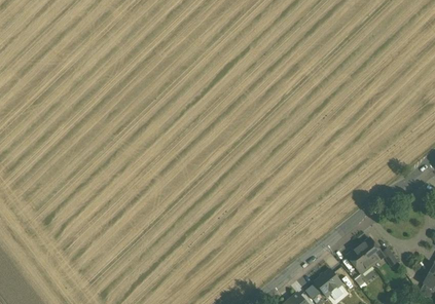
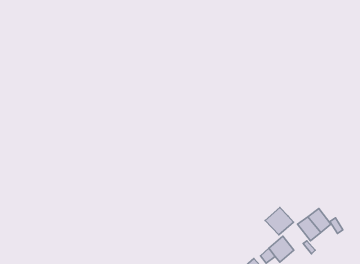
building: none -> [265,208,293,235]

